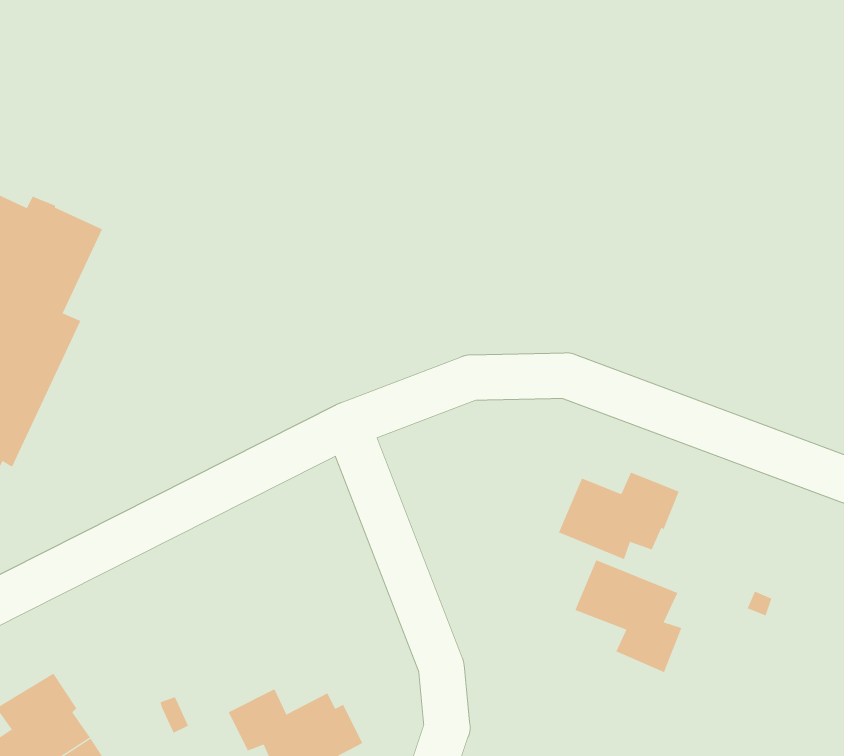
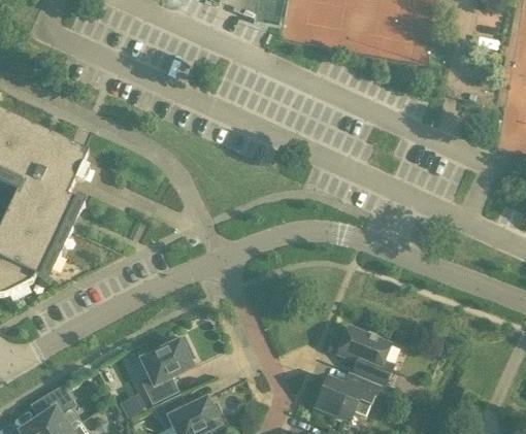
building: [558,472,679,560] -> [315,374,379,421]
building: none -> [140,336,193,402]

